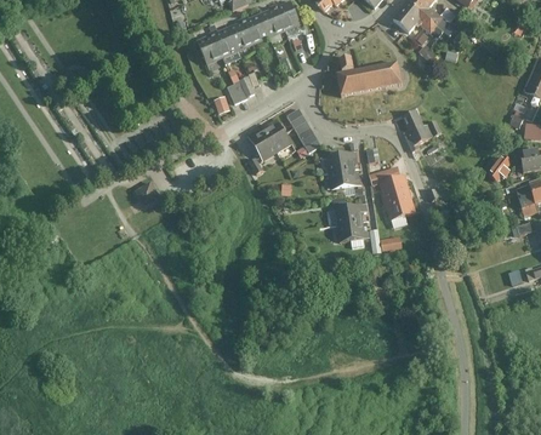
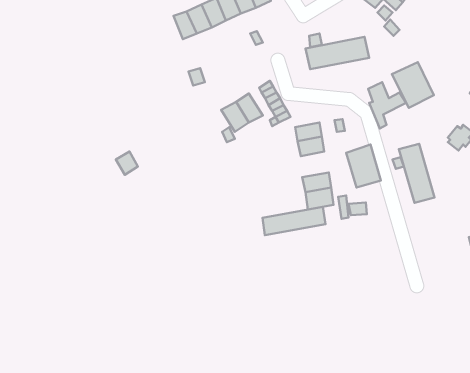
building: [227,70,260,102] -> none
building: none -> [392,62,434,108]
building: none -> [399,144,435,203]
building: none -> [262,207,325,235]

